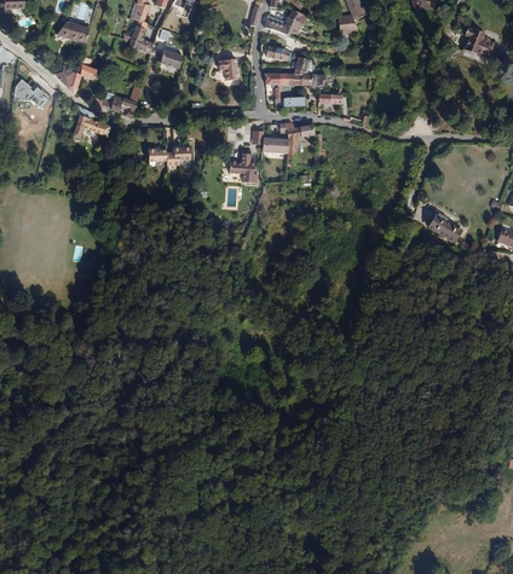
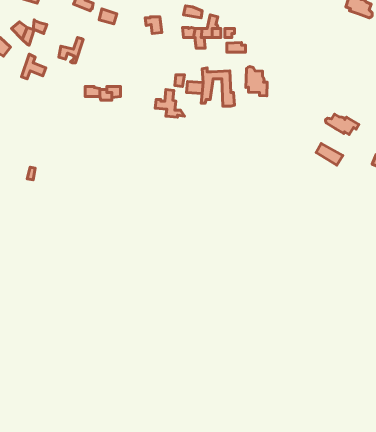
building: none -> [246,66,267,96]
building: none -> [325,114,359,134]

